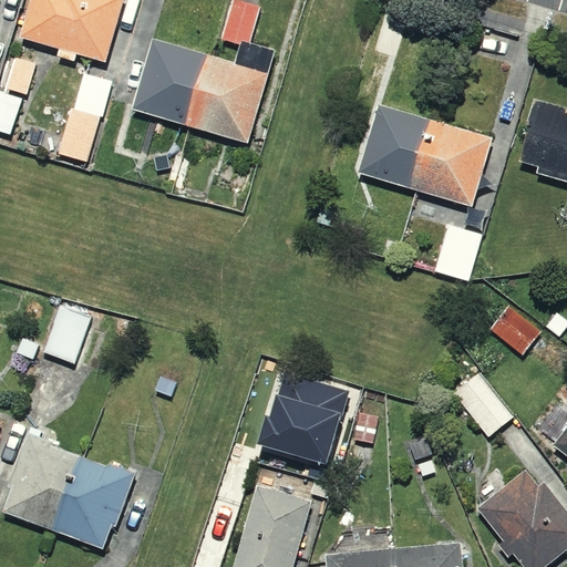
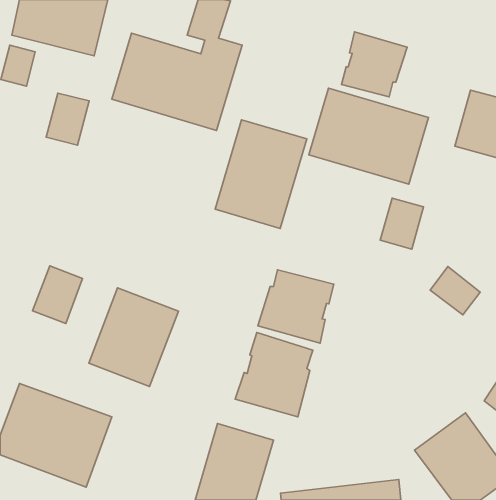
building: none -> [342,32,407,97]
building: none -> [215,120,307,228]
building: none -> [258,270,334,343]
building: none -> [89,288,178,387]
building: [450,367,519,439] -> none

